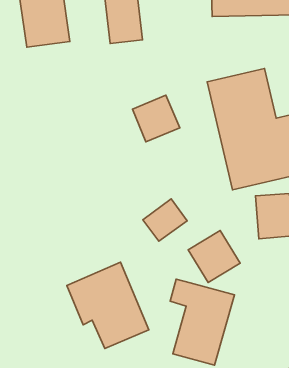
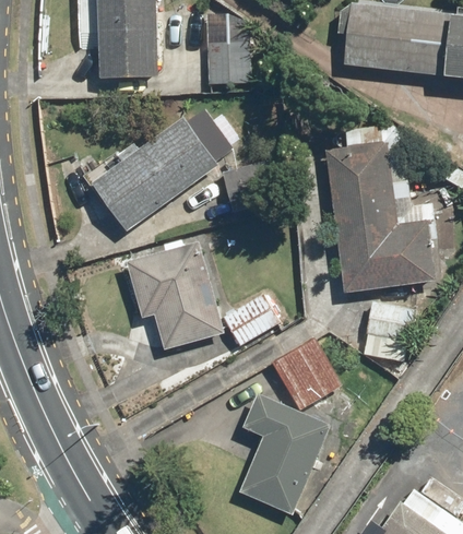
building: none -> [94,110,230,232]
building: [67,262,149,349] -> [124,242,223,351]

